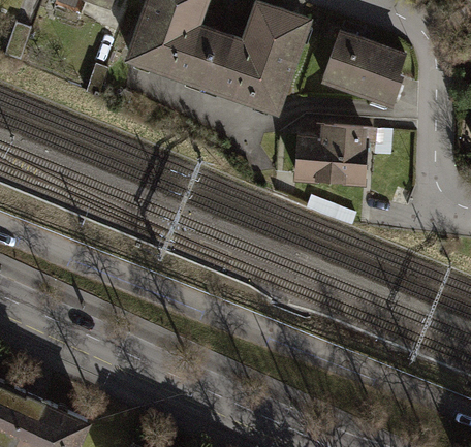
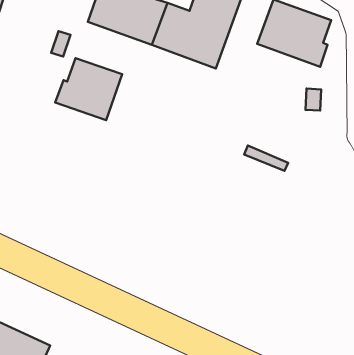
building: none -> [55,58,122,120]
building: [293,124,367,185] -> none

